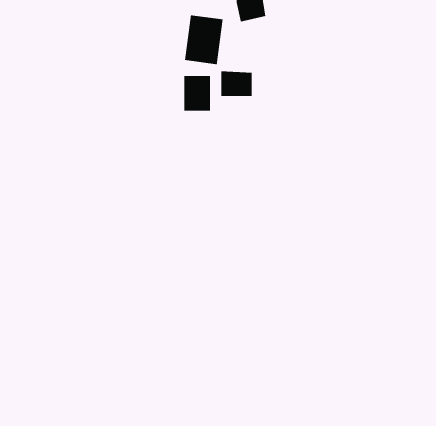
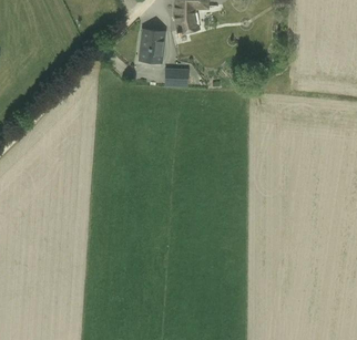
building: [184,75,210,111] -> none

